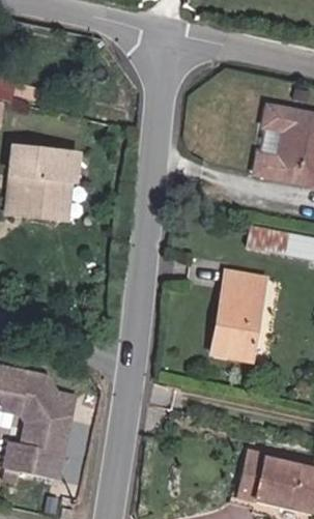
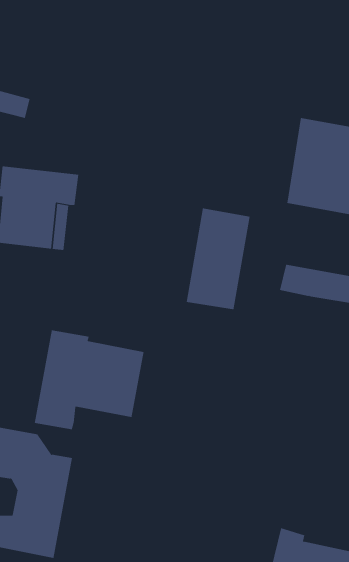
building: [210,277,264,362] -> [186,208,250,310]
building: none -> [34,329,144,430]

